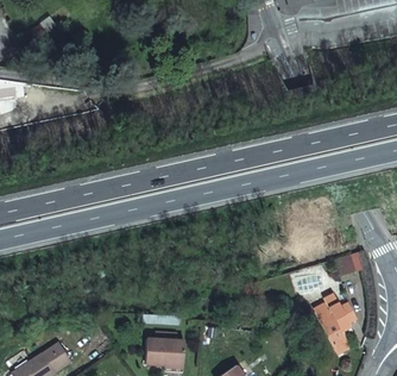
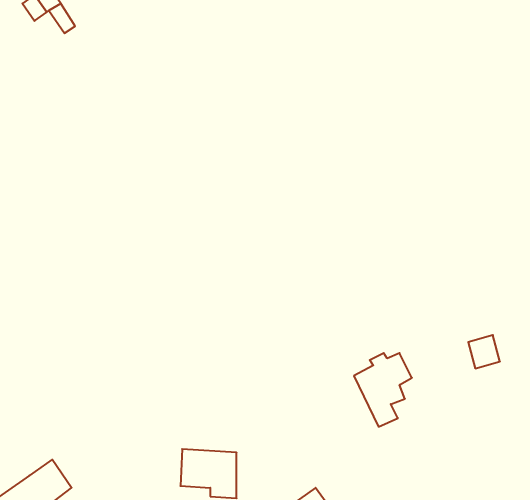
building: [321,301,360,351] -> [354,353,412,427]

